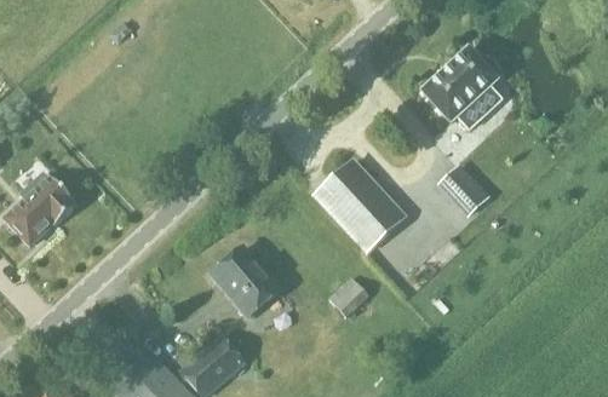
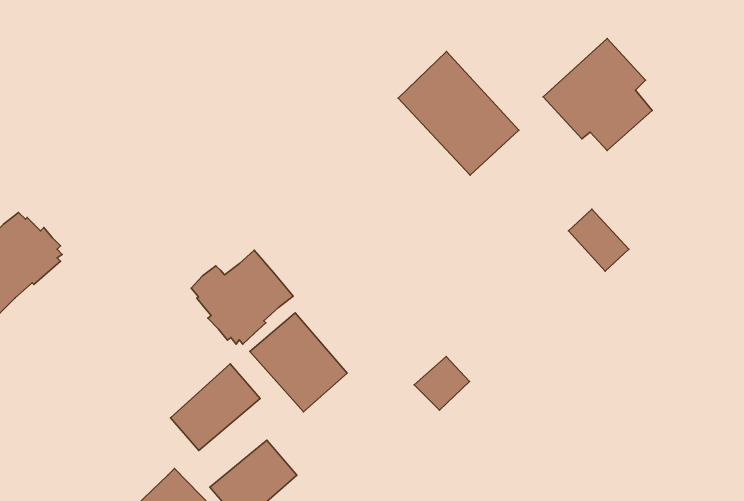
building: [315,160,402,249] -> [398,51,519,175]
building: none -> [191,250,293,344]
building: none -> [170,364,260,451]

